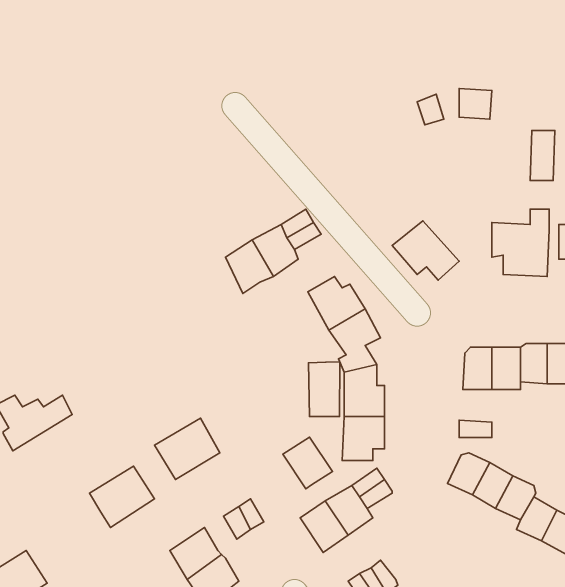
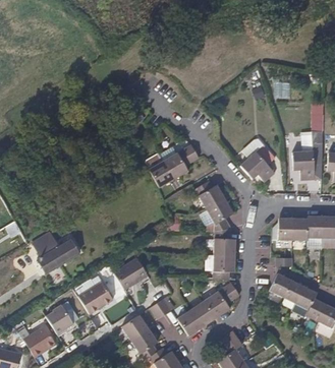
building: [308,362,340,416] -> none
building: [283,437,333,489] -> [176,309,203,336]
building: none -> [45,302,79,334]

